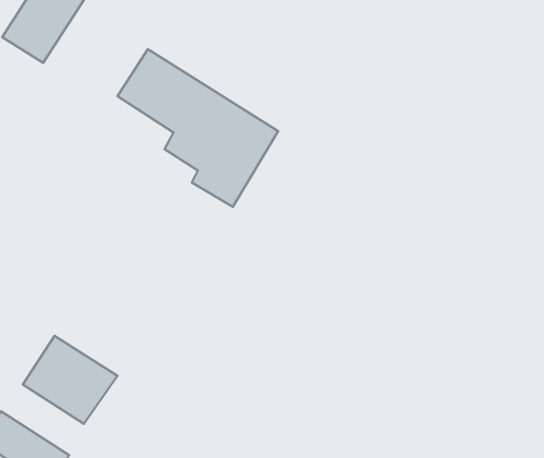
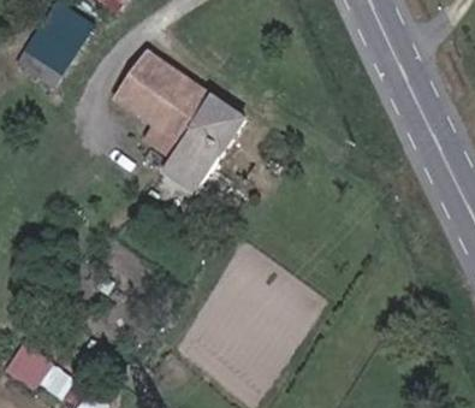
building: [23,336,118,424] -> none

